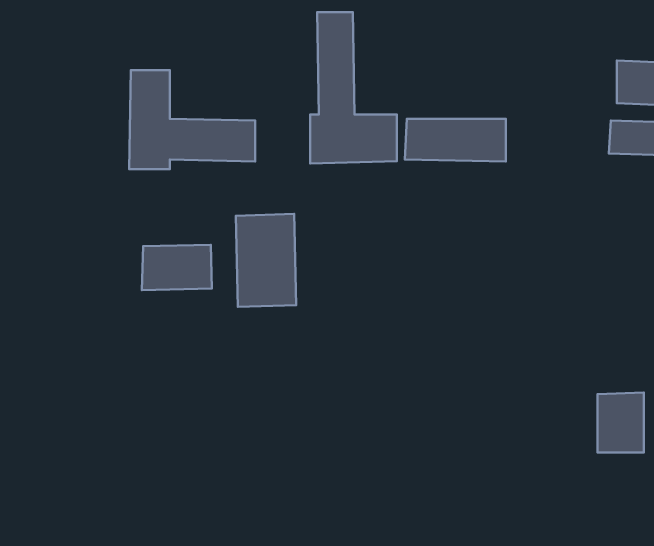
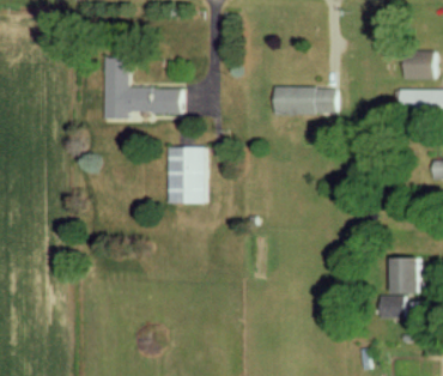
building: [310,12,397,163] -> none
building: [142,245,212,290] -> none
building: none -> [380,295,407,319]

